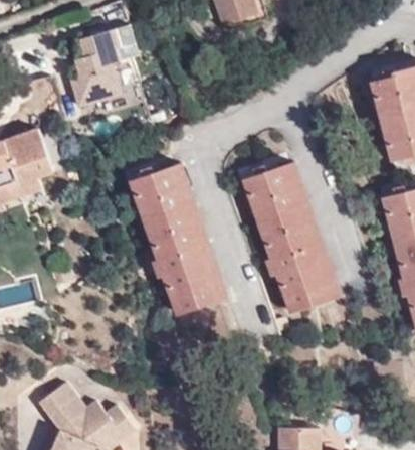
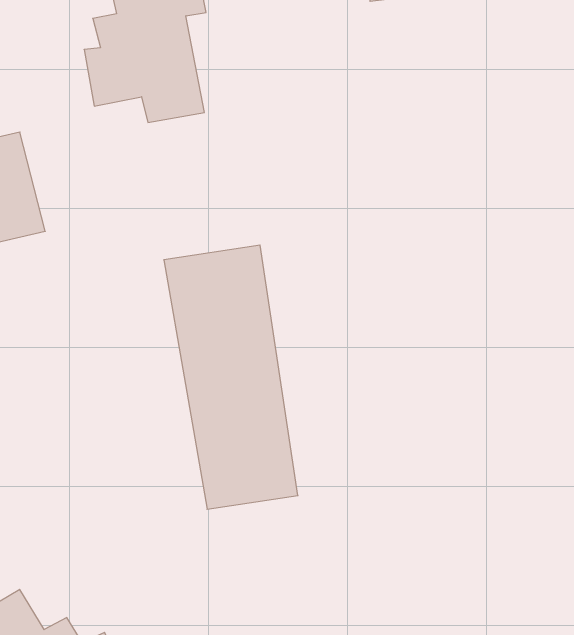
building: [245,168,330,316] -> none

